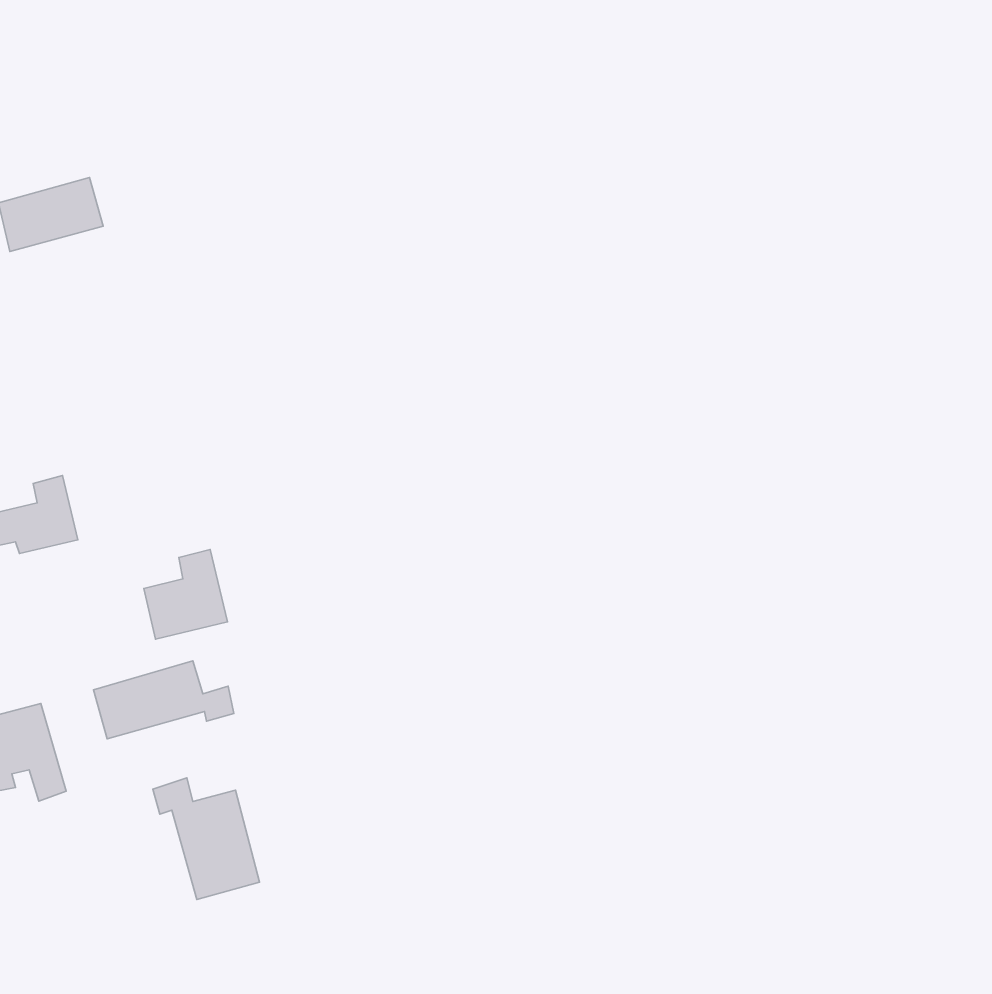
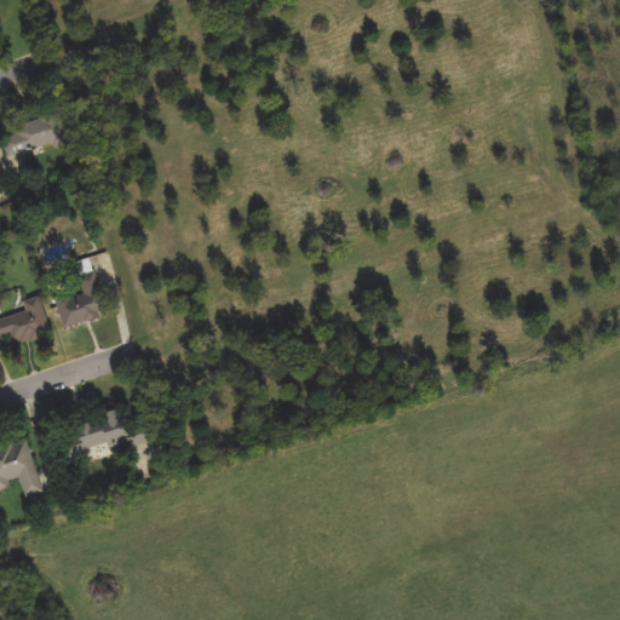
building: [144,550,228,639] -> [54,271,107,327]
building: [153,778,259,900] -> none

